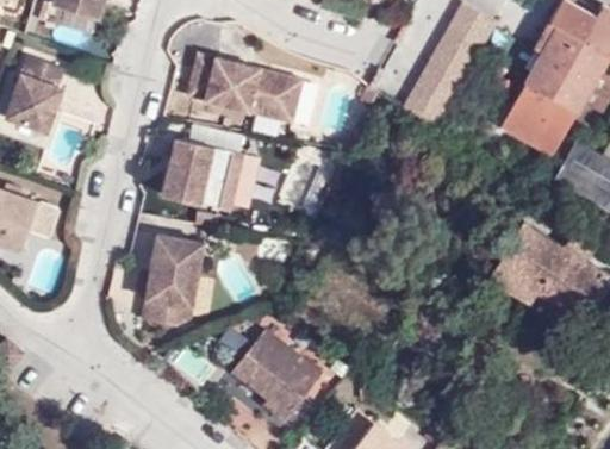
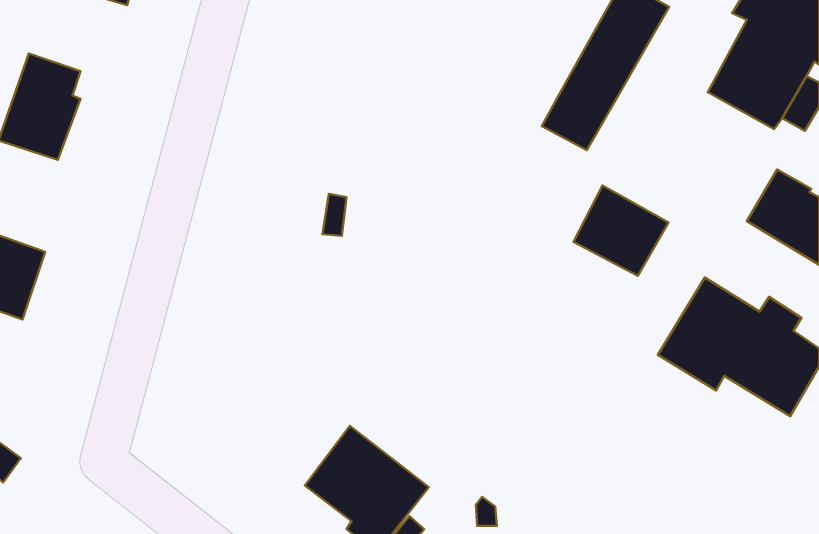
building: [183,58,301,125] -> none
building: [505,82,575,149] -> [573,185,669,276]
building: [160,139,242,213] -> none
building: [139,235,201,326] -> none

